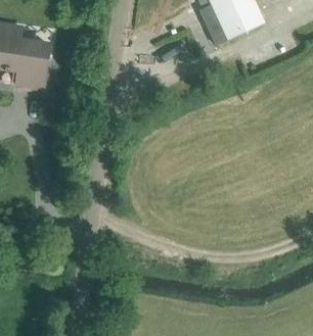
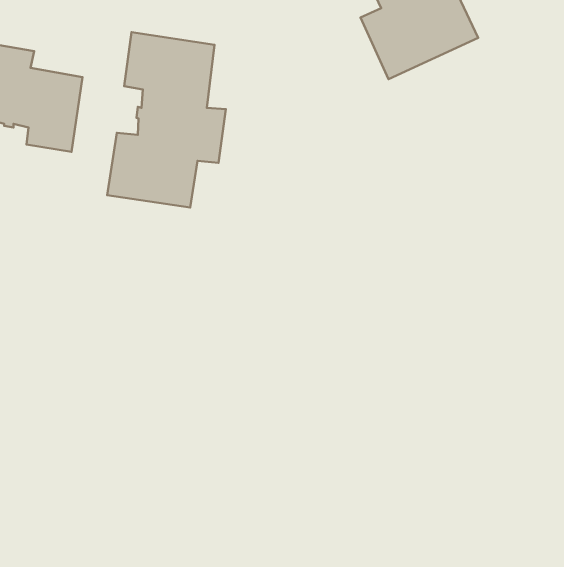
building: none -> [107,32,226,208]

